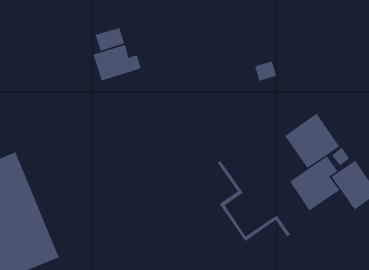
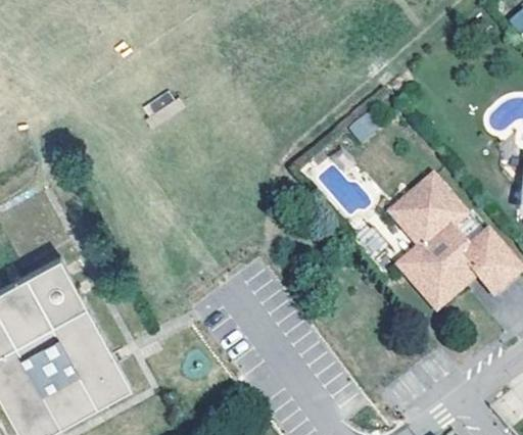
building: [92,44,142,81] -> none
building: [216,160,291,242] -> [390,207,494,308]

